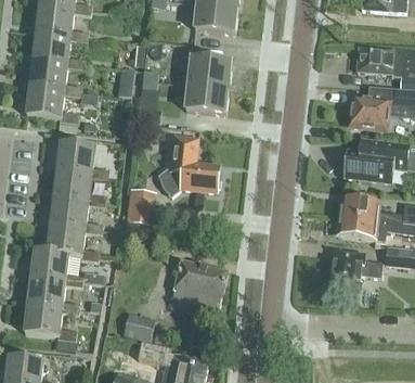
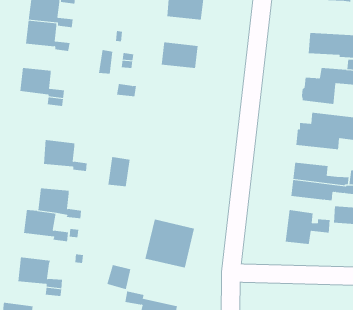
building: [29,60,81,95] -> none
building: [184,84,228,114] -> none
building: [158,136,220,195] -> none
building: [55,142,107,179] -> none
building: [50,197,101,233] -> none
building: [27,277,79,314] -> none

